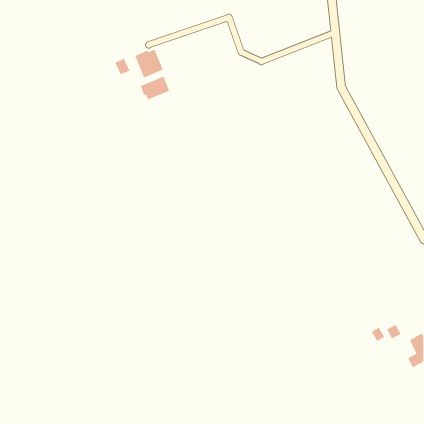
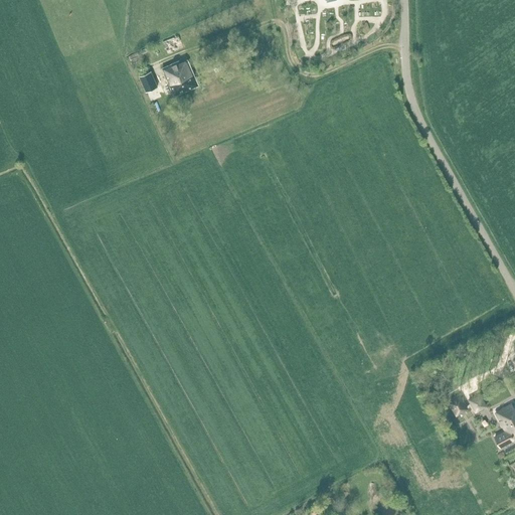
building: [140,76,170,100] -> none

